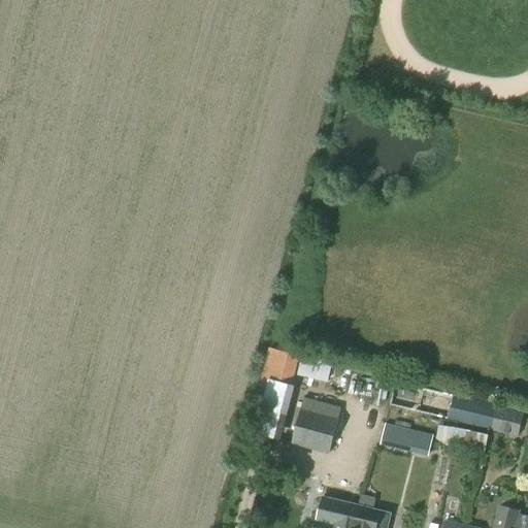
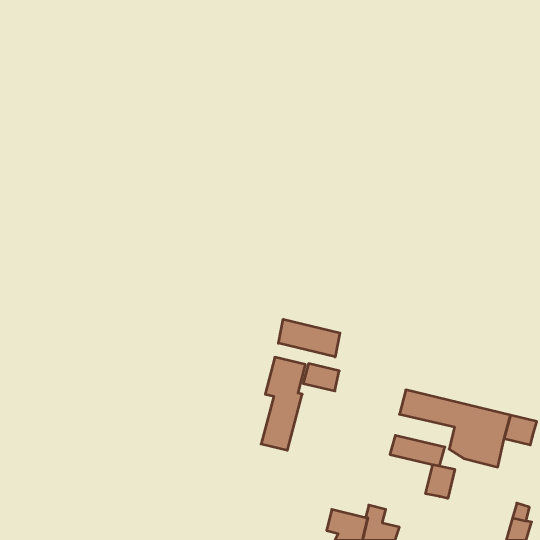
building: none -> [278,319,340,357]
building: [292,400,340,453] -> none
building: none -> [426,465,455,498]

